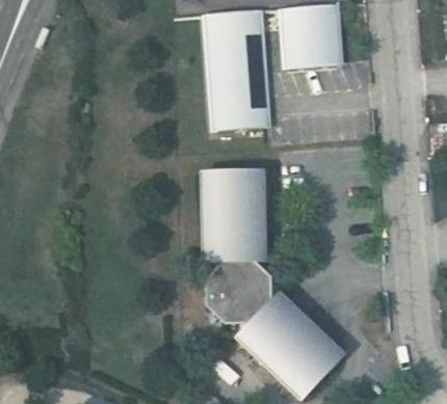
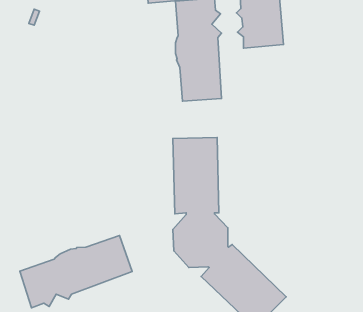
building: none -> [20,236,132,308]

